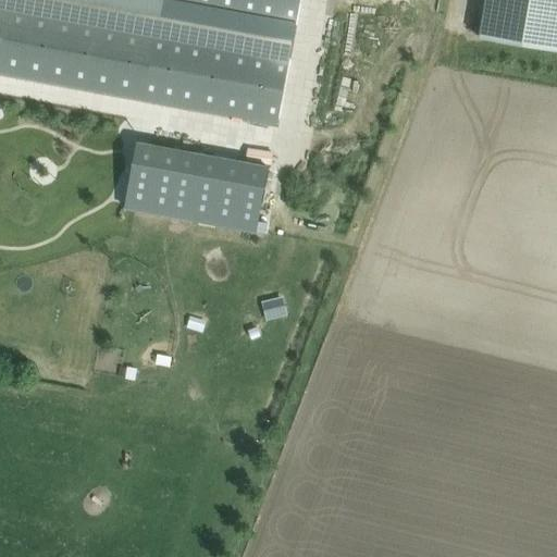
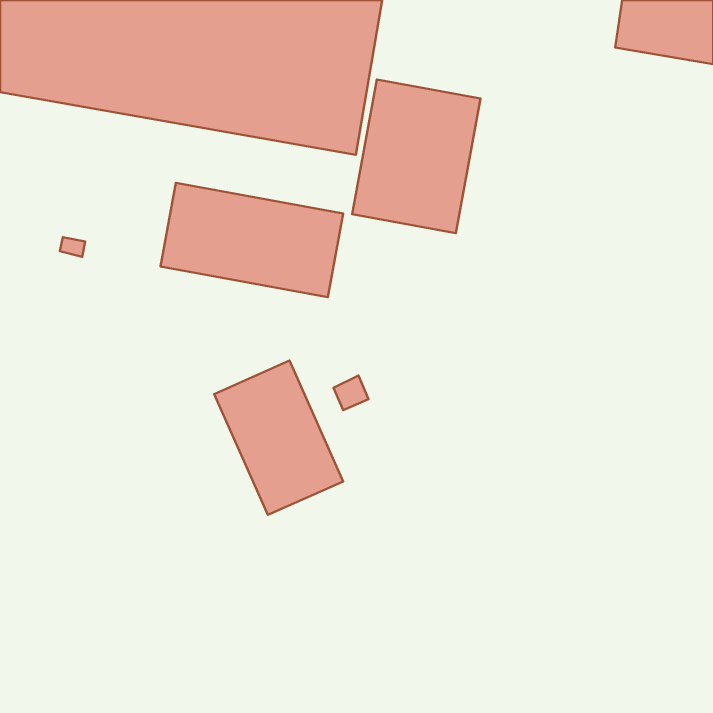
building: none -> [352,79,481,233]
building: none -> [214,361,343,515]

